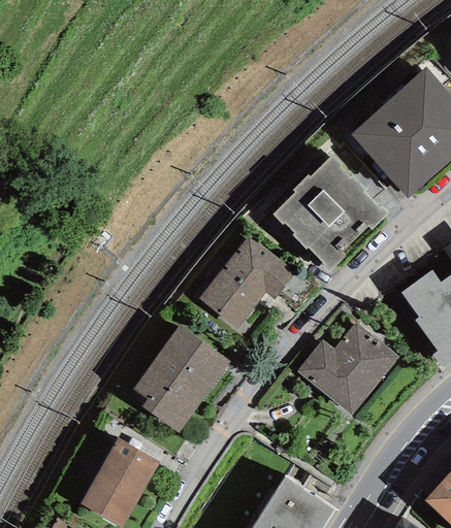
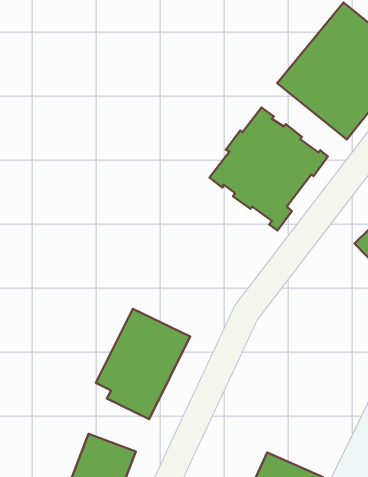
building: [195,235,296,332] -> none
building: [297,324,398,417] -> none

